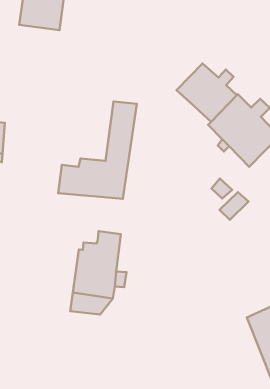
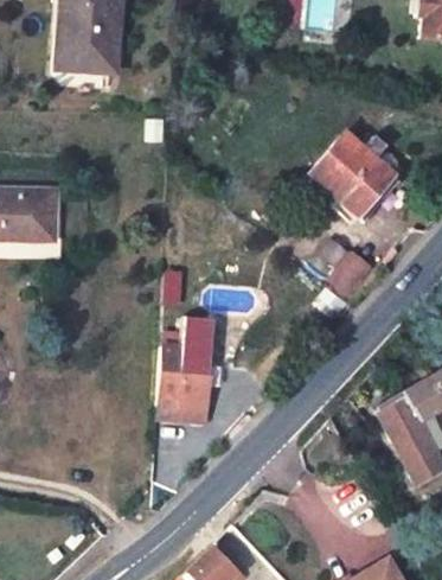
building: [177,64,237,122] -> none
building: [58,102,137,199] -> none

